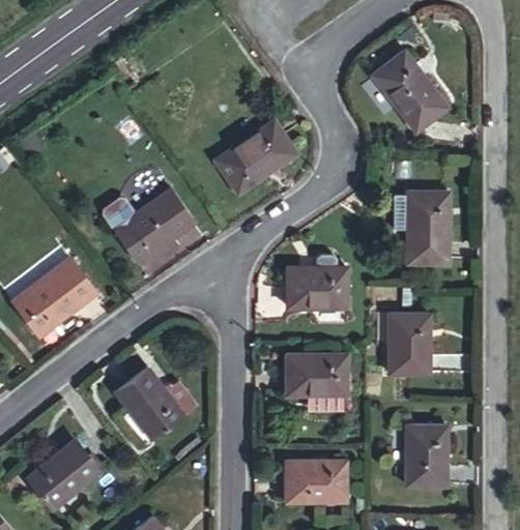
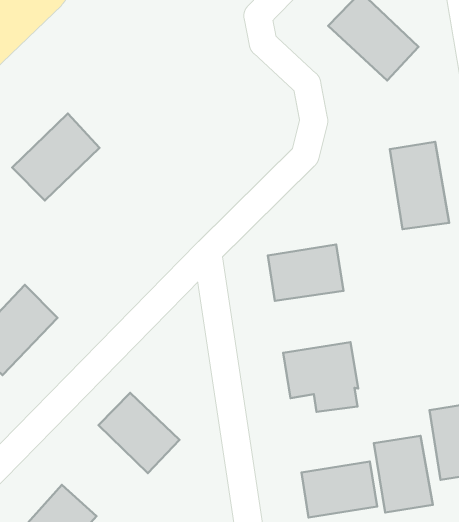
building: [215,119,297,193] -> none
building: [115,188,194,261] -> [12,114,100,200]
building: [389,314,431,375] -> none
building: none -> [374,436,433,513]

